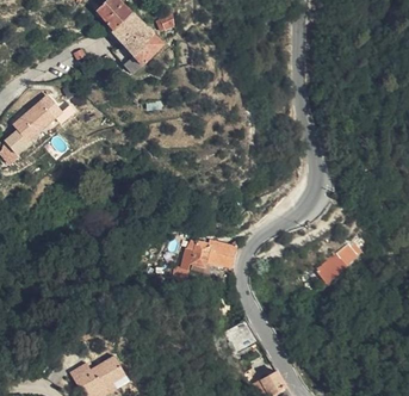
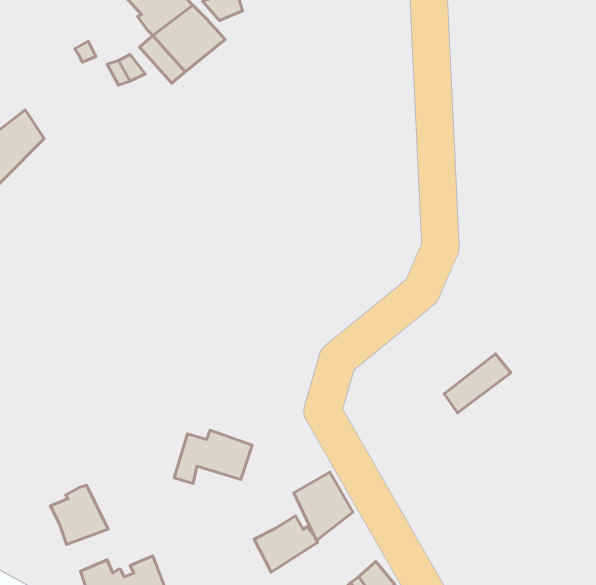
building: [186,237,235,271] -> [174,430,252,483]
building: none -> [50,485,108,545]
building: none -> [254,516,317,572]

